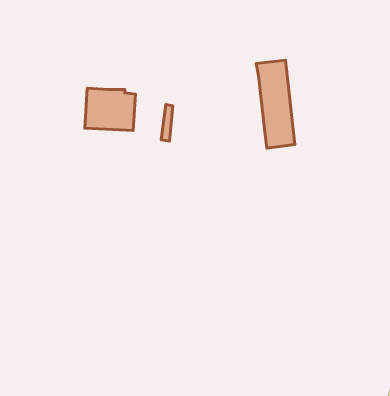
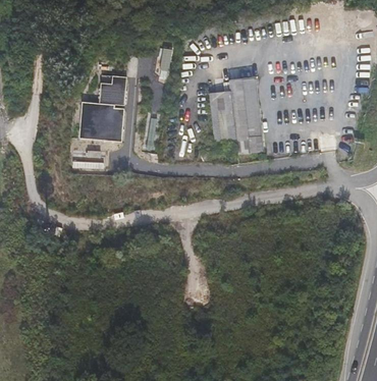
building: none -> [100,75,127,104]
building: none -> [210,91,235,140]

